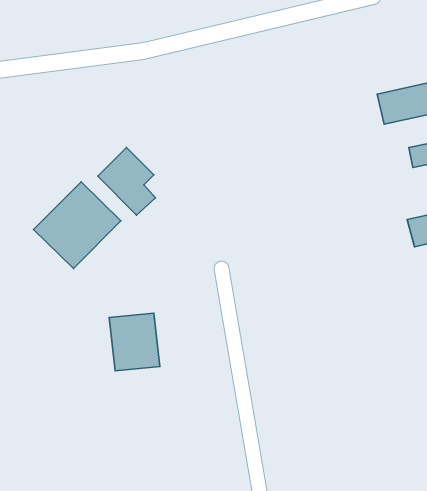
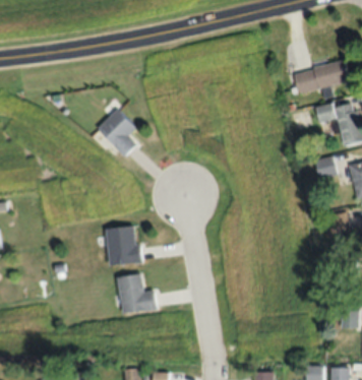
building: [34,182,121,268] -> none
building: none -> [117,274,157,314]

